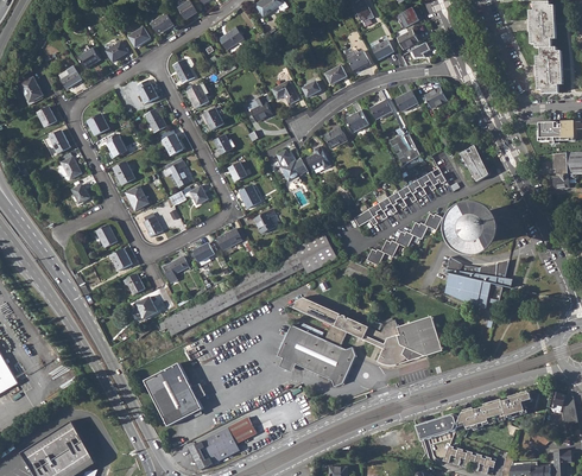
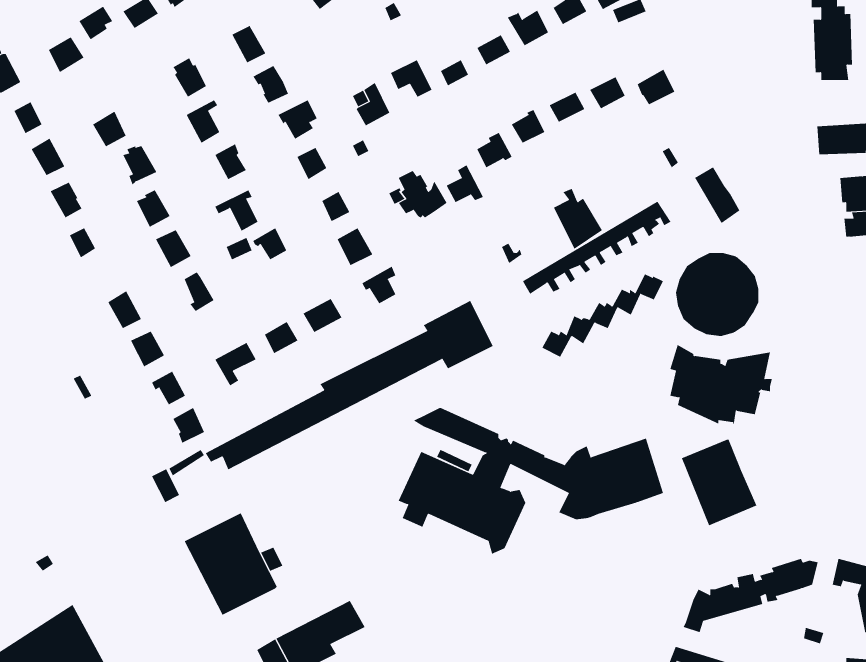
building: [388,127,419,165] -> [553,188,603,249]
building: none -> [681,439,757,526]
building: [415,412,460,440] -> none

